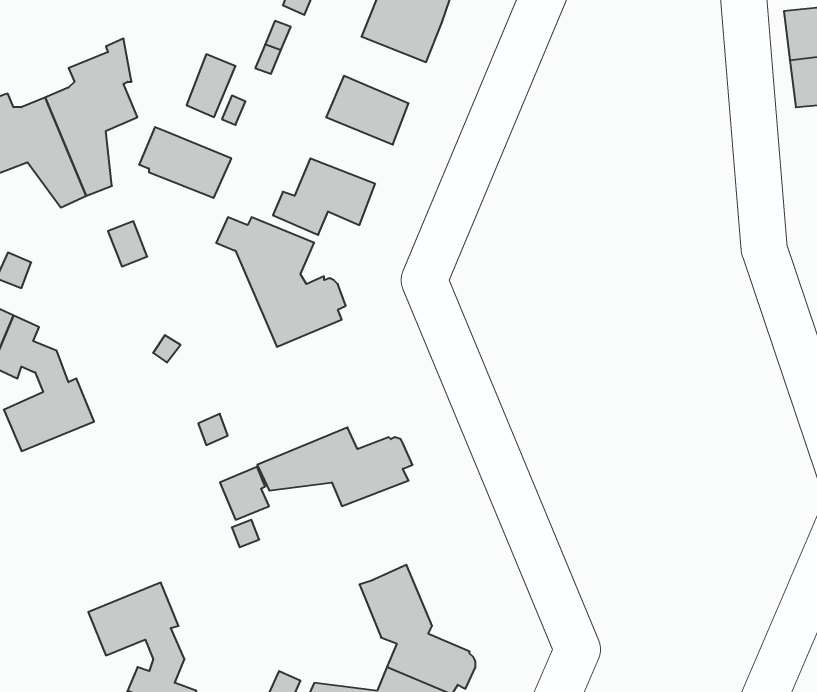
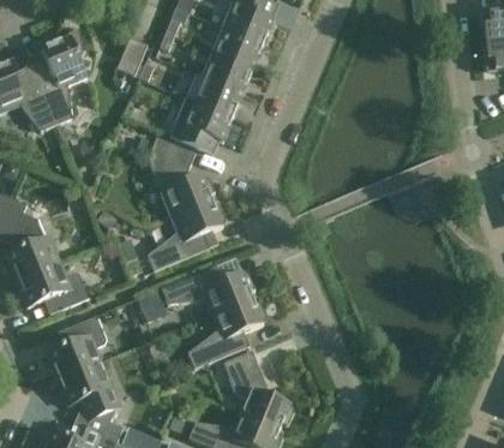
building: none -> [212,26,263,67]
building: [139,127,231,198] -> [186,73,242,117]
building: none -> [146,199,224,270]
building: none -> [16,262,89,310]
building: none -> [187,298,265,368]
building: none -> [46,315,106,378]

